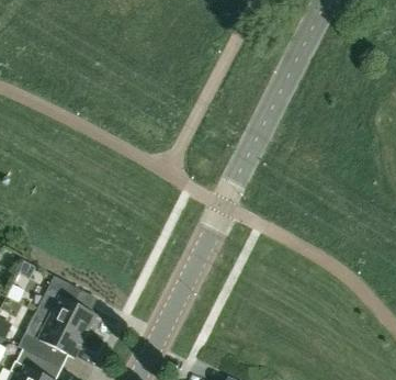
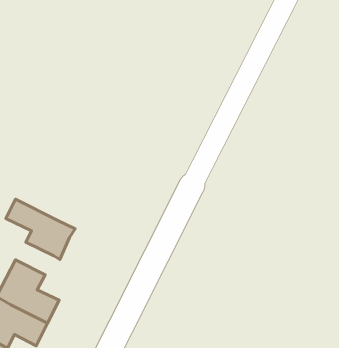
building: none -> [6,199,75,259]

